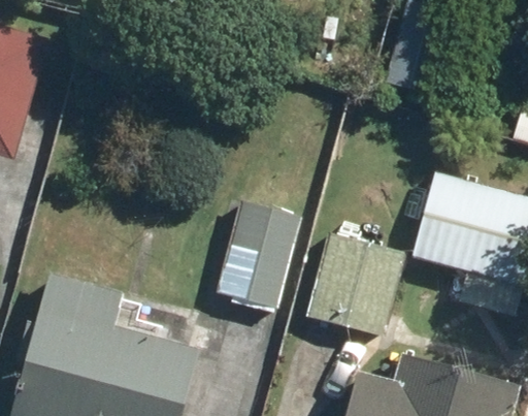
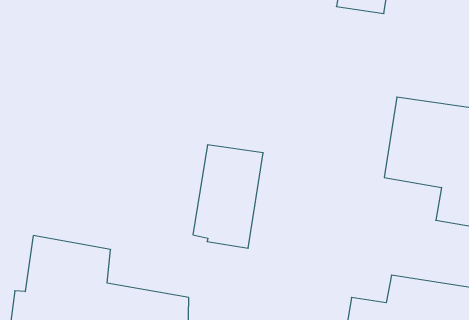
building: [306,230,401,331] -> none

